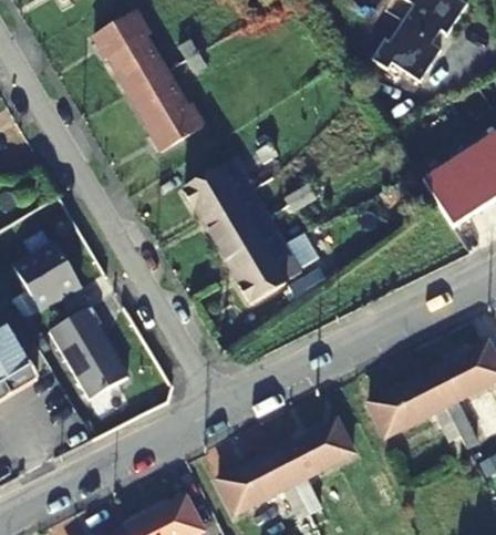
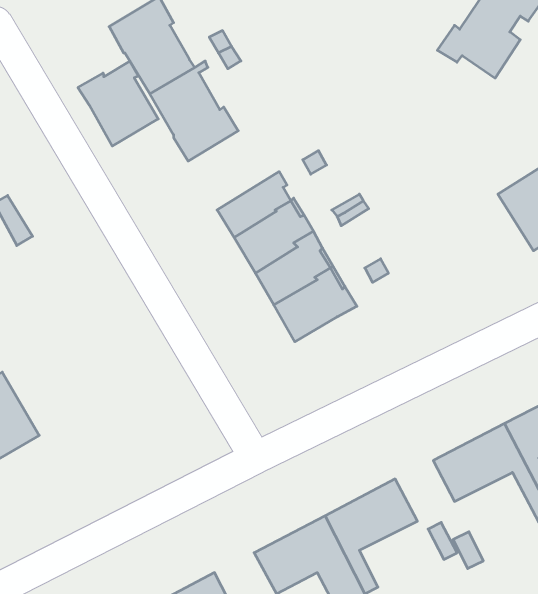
building: none -> [78,61,158,146]
building: [12,241,80,310] -> none
building: [49,306,127,400] -> none

